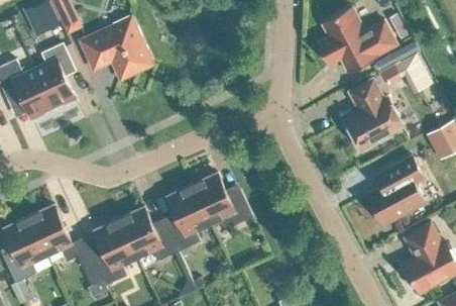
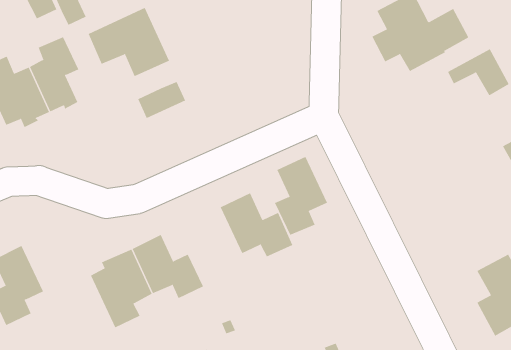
building: [344,80,403,149] -> none
building: none -> [138,81,186,119]
building: [367,156,425,224] -> none
building: [165,185,210,250] -> [274,156,328,236]
building: [28,205,107,297] -> none

